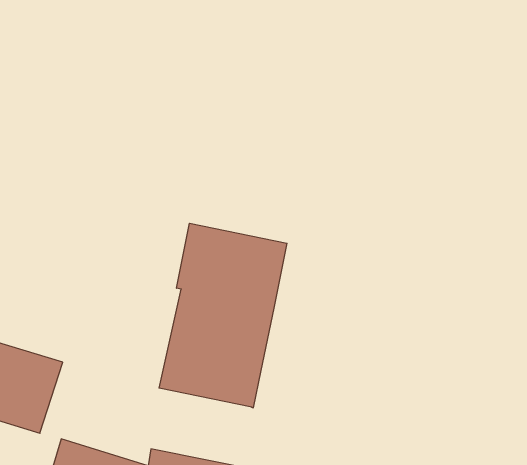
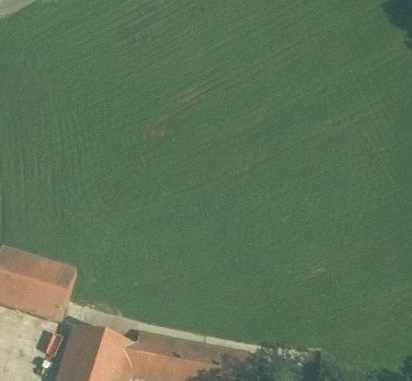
building: [159,223,287,408] -> none

